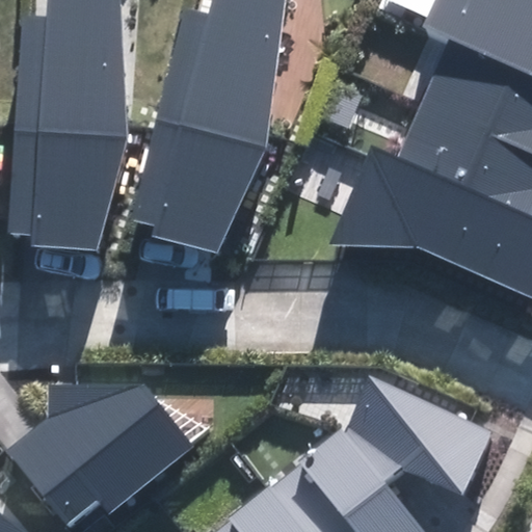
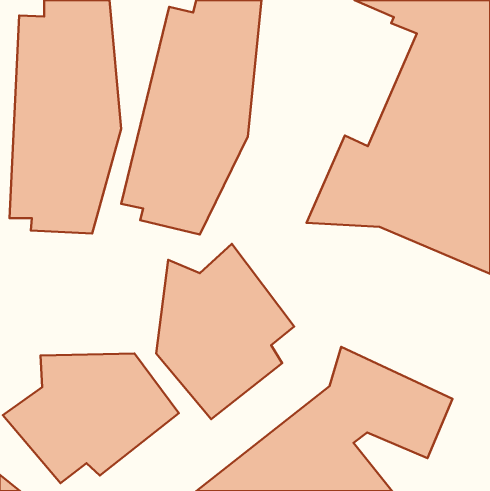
building: none -> [156,244,294,419]

